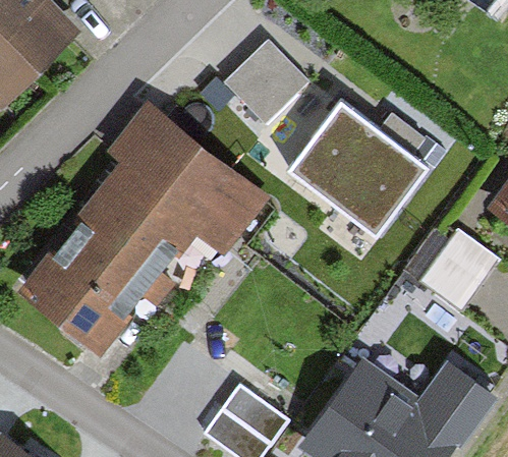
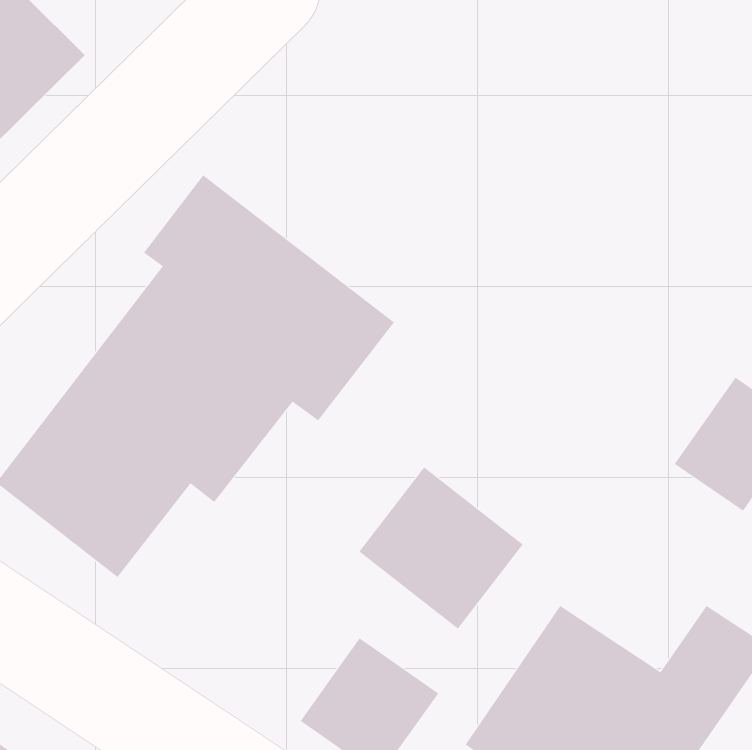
building: [224,39,308,123] -> none
building: [290,101,427,232] -> none
building: none -> [359,466,524,629]

